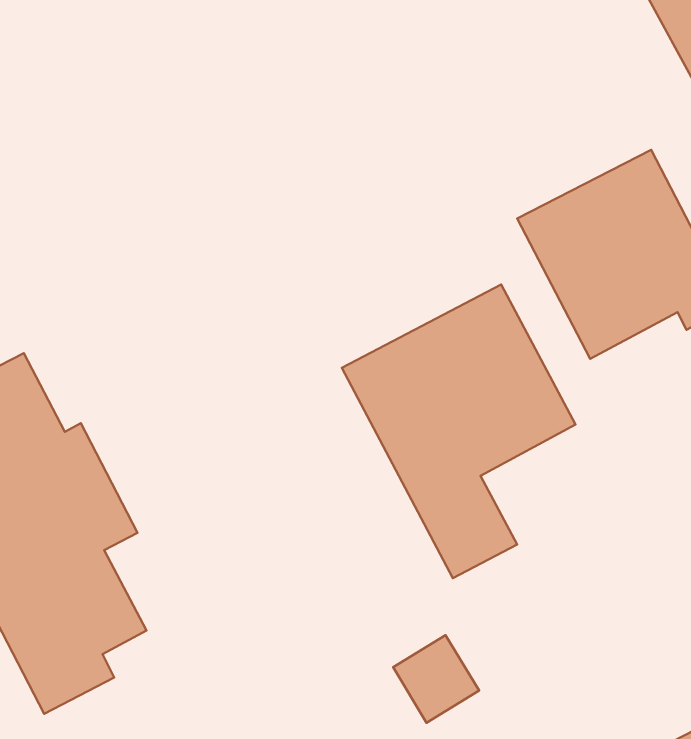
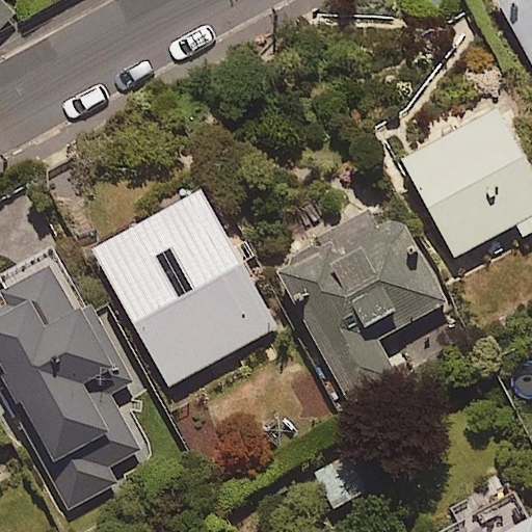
building: none -> [94,191,276,387]

